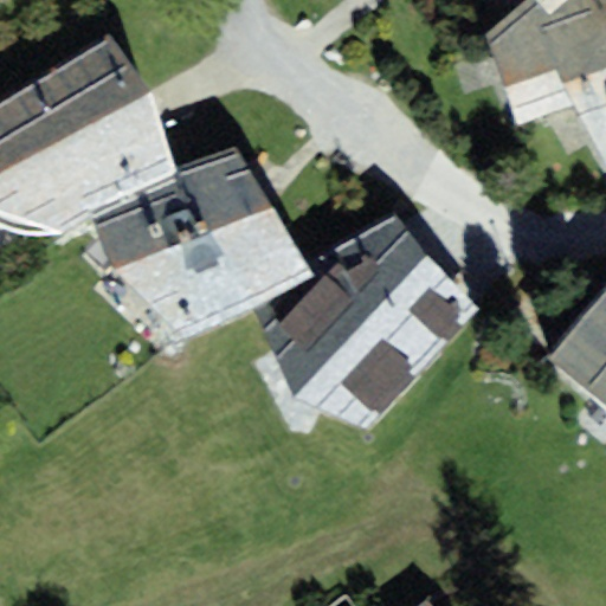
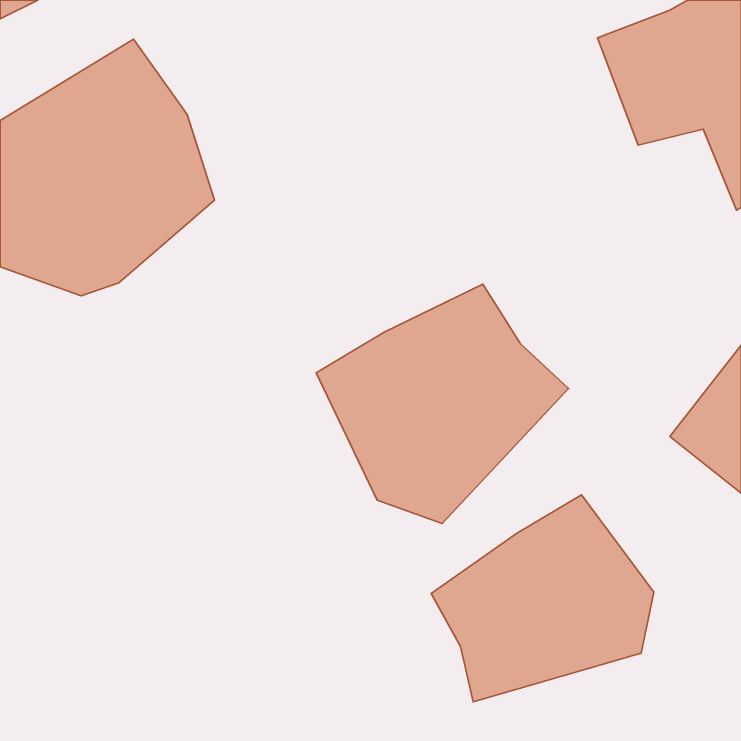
building: [97,144,314,346] -> none
building: none -> [431,495,654,702]

